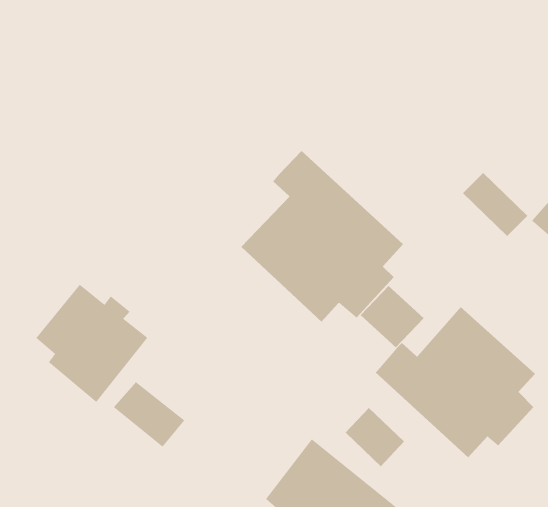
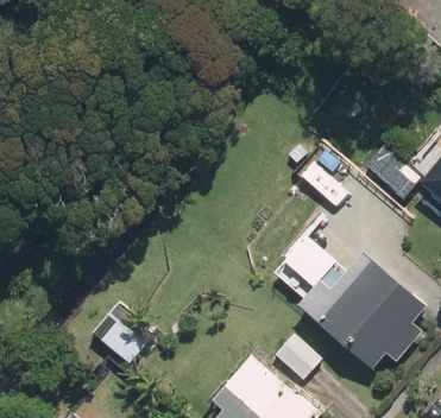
building: [240,150,404,323] -> none
building: [36,284,148,403] -> none

